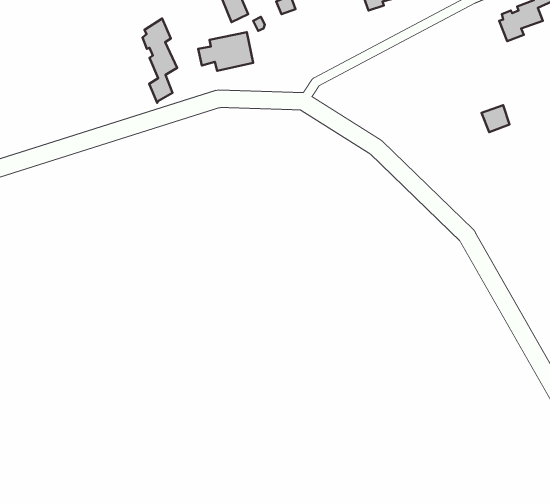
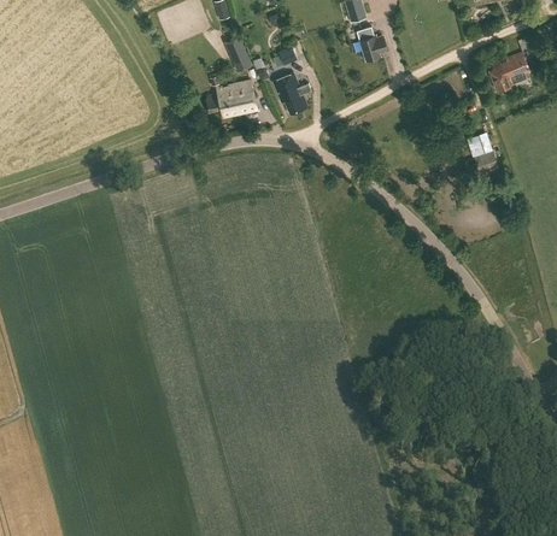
building: [143,18,177,103] -> none
building: none -> [272,71,309,113]

